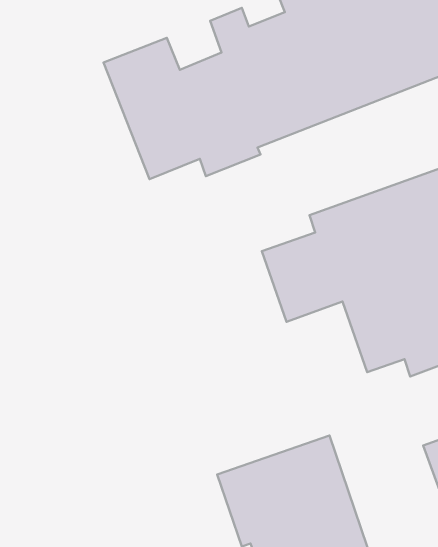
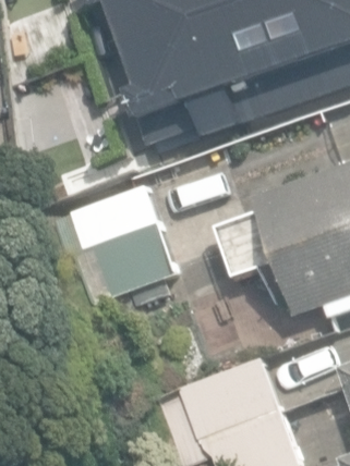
building: none -> [65,181,173,301]

